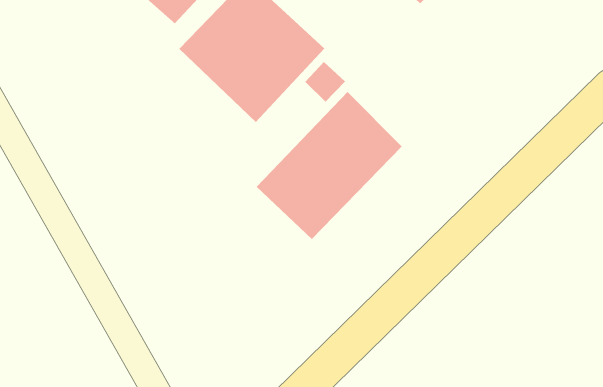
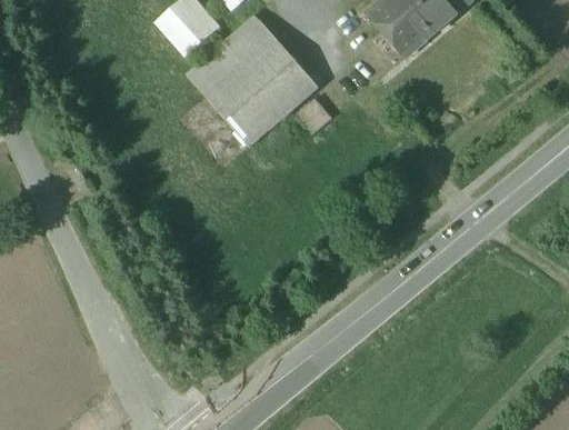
building: [256,91,403,240] -> none

